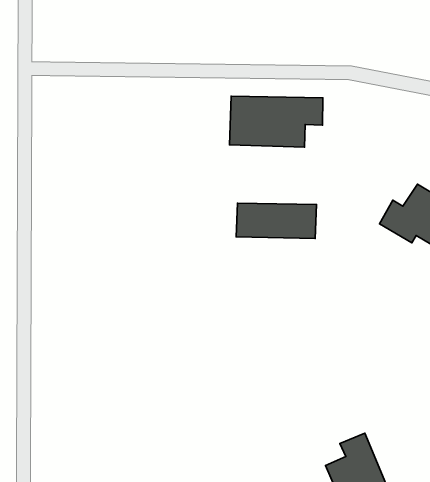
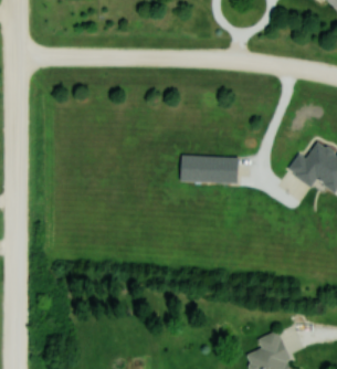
building: [229,96,323,147] -> none

